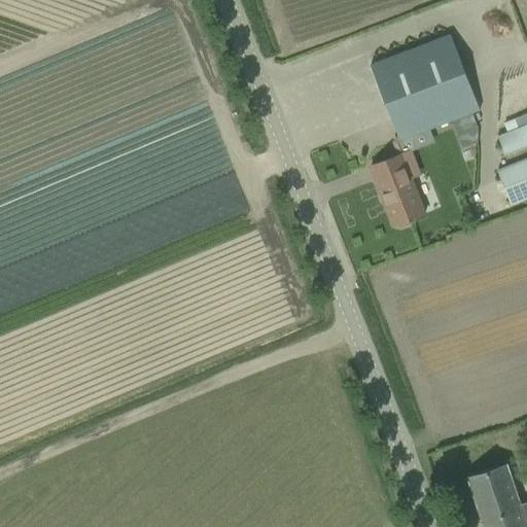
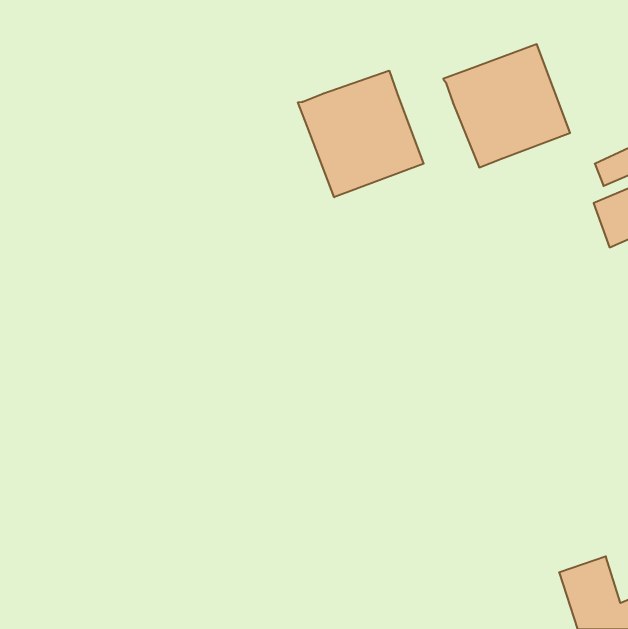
building: none -> [298,71,424,197]
building: [371,154,425,229] -> none

